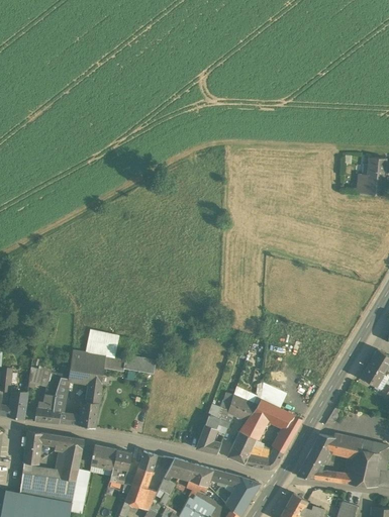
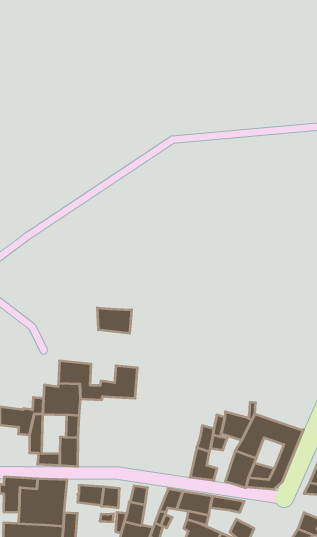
building: none -> [97,308,132,333]
building: [34,393,61,424] -> none
building: [232,477,259,502] -> none

